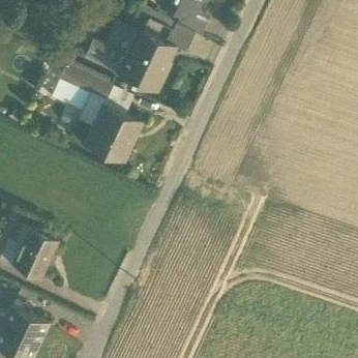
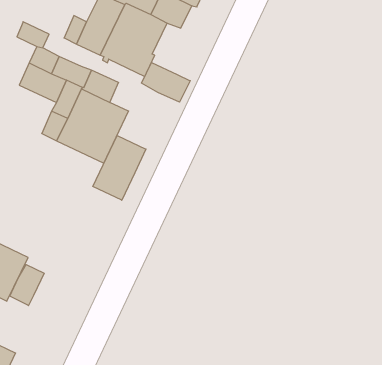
building: none -> [142,62,190,102]
building: none -> [93,135,146,200]
building: none -> [10,265,44,306]

